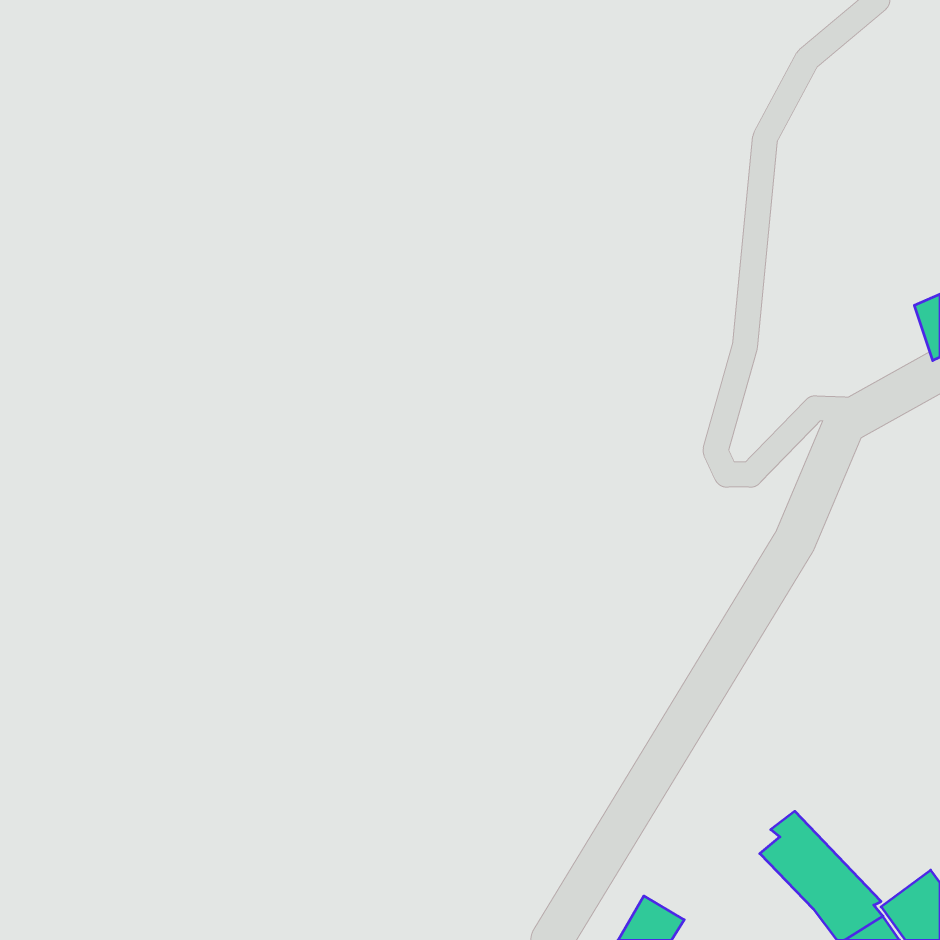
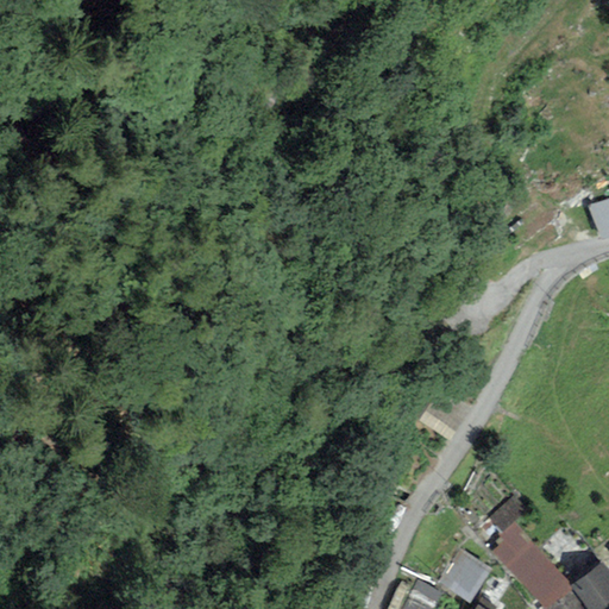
building: none -> [439,548,492,603]

